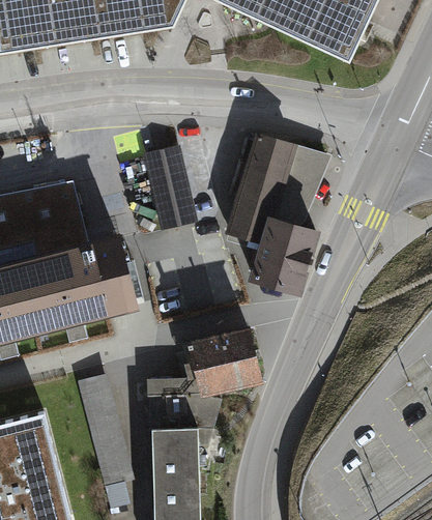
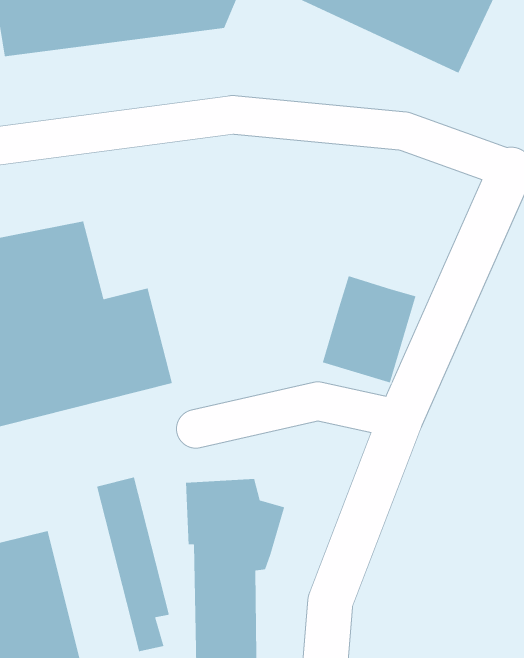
building: [225,137,332,248] -> none
building: [141,144,197,230] -> none
building: [189,323,263,391] -> none

